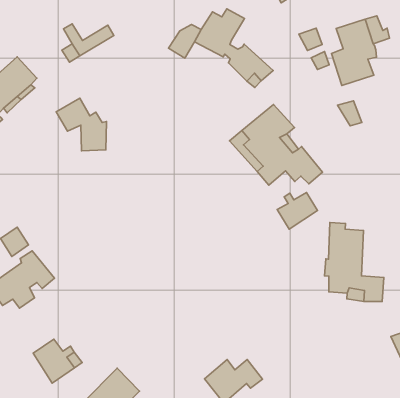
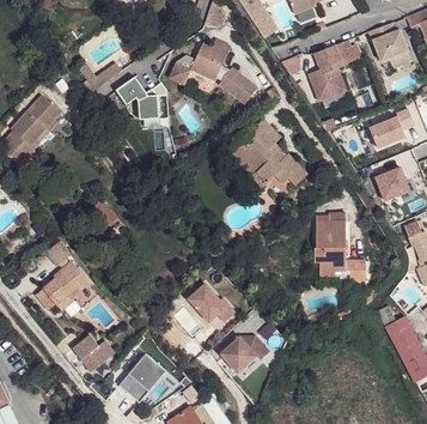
building: [56,98,107,151] -> [116,78,160,122]
building: [277,193,318,229] -> none
building: none -> [189,285,237,325]

